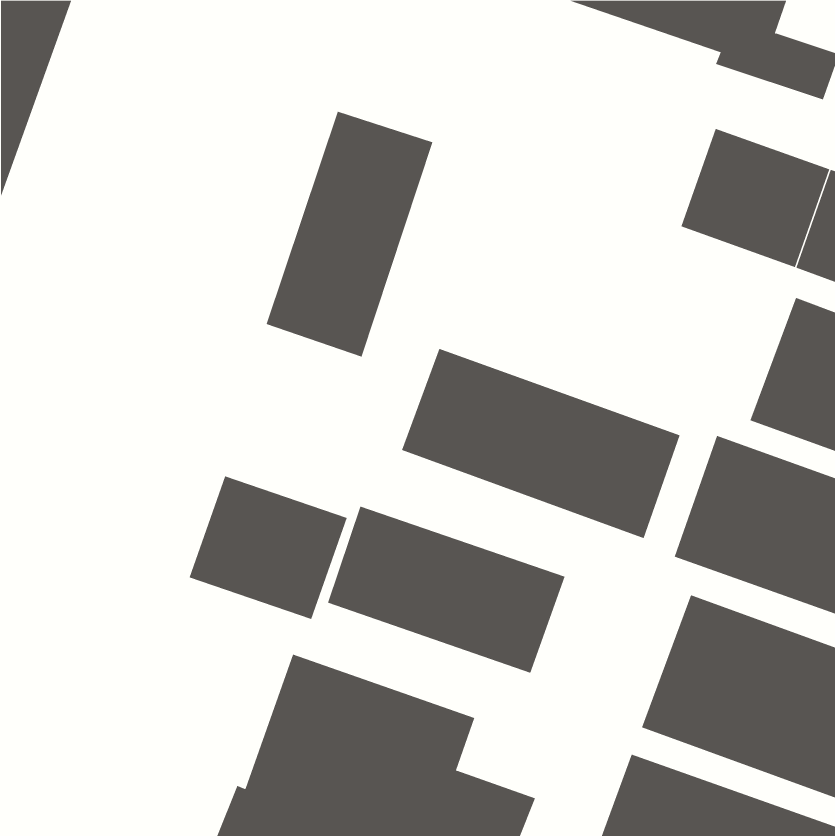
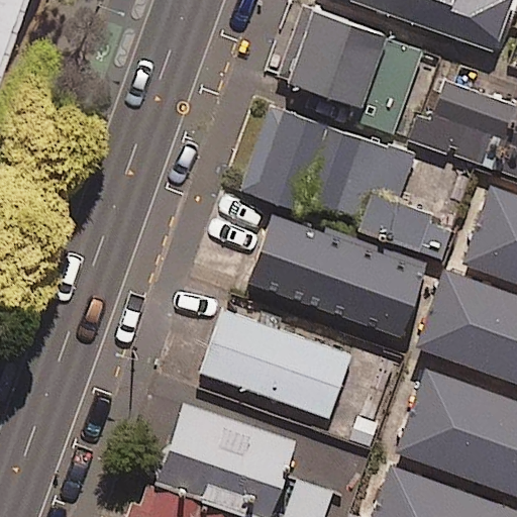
building: none -> [286,11,423,136]
building: [266,111,433,358] -> none
building: none -> [243,109,452,261]
building: [189,475,347,620] -> none

